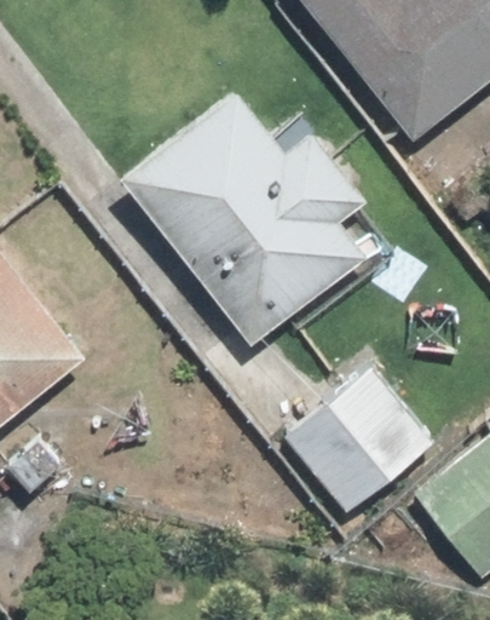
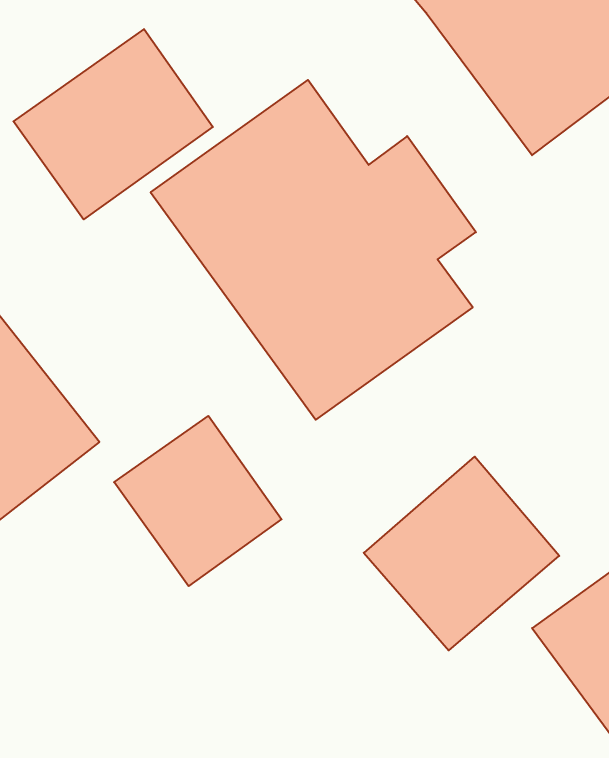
building: none -> [13,29,213,219]
building: none -> [114,416,282,586]

